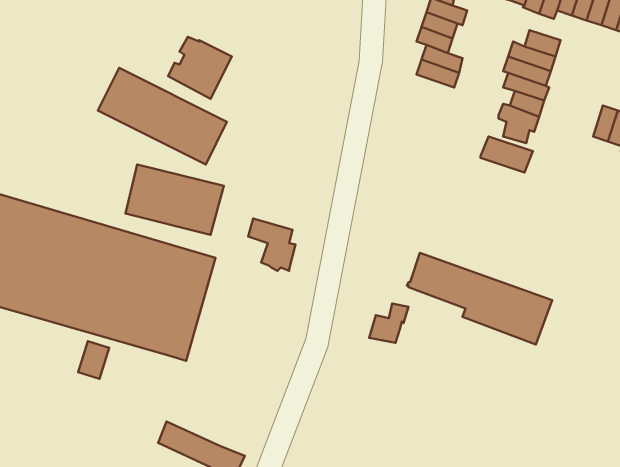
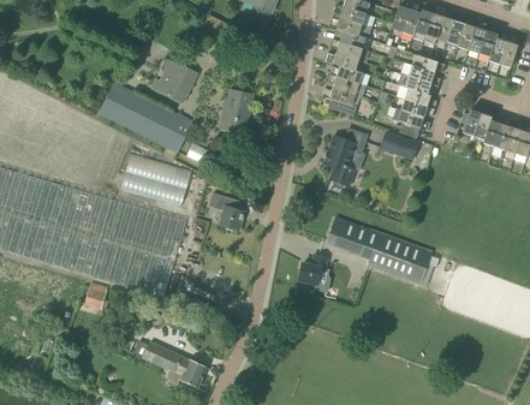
building: none -> [329,87,361,115]
building: none -> [222,90,252,132]
building: none -> [323,129,367,187]

